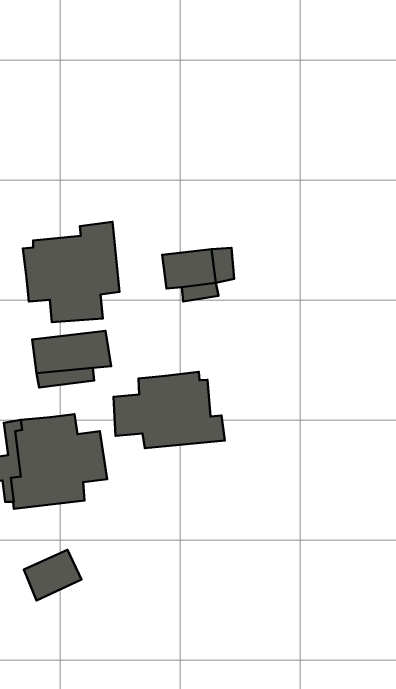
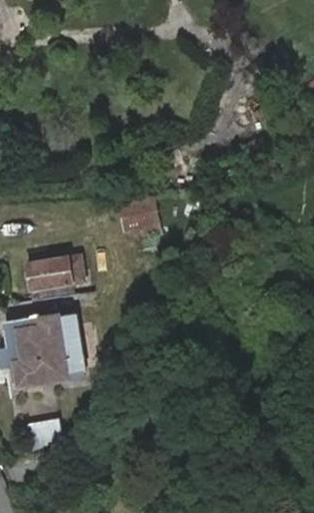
building: [23,222,119,322] -> none
building: [114,372,225,448] -> none

